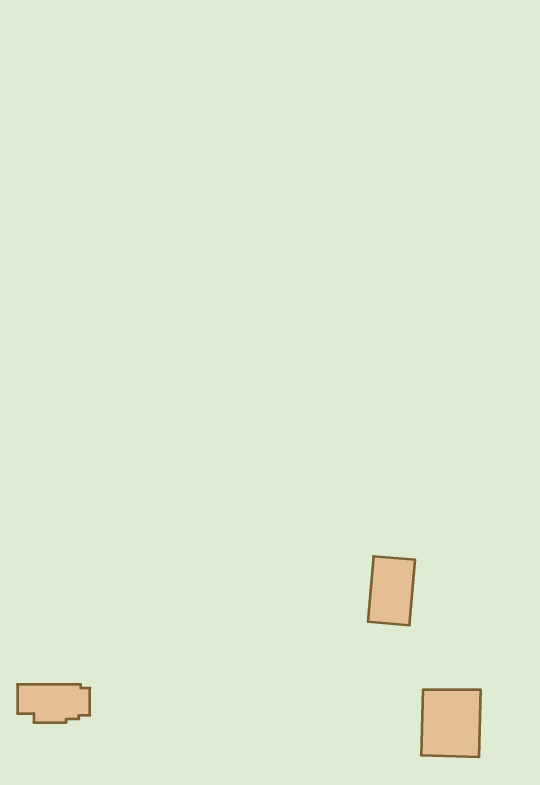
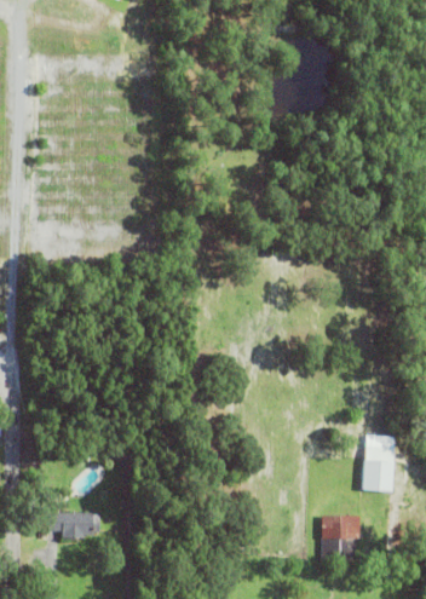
building: [368,556,415,625] -> [362,445,393,491]

